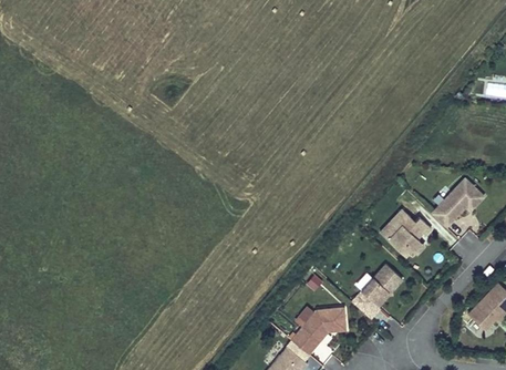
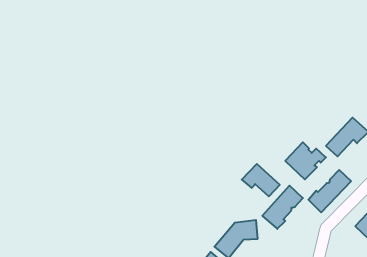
building: none -> [242,164,280,196]
building: none -> [308,170,351,212]

